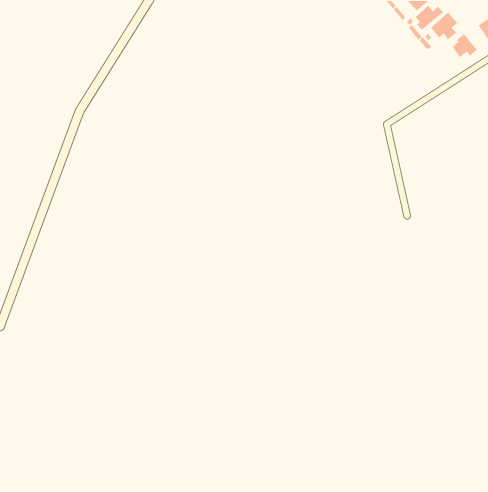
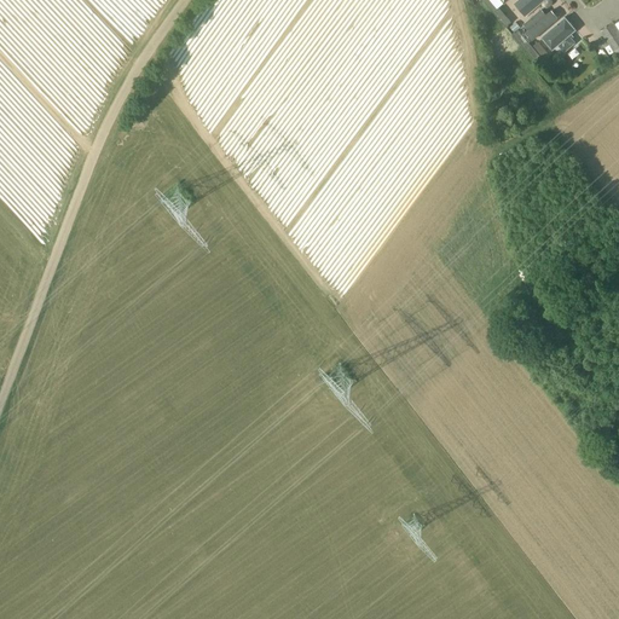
building: [452,33,478,58] -> none

